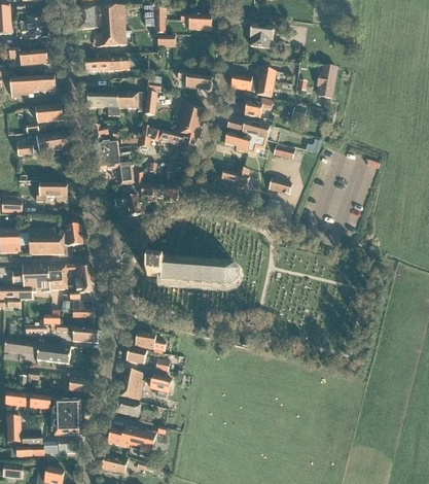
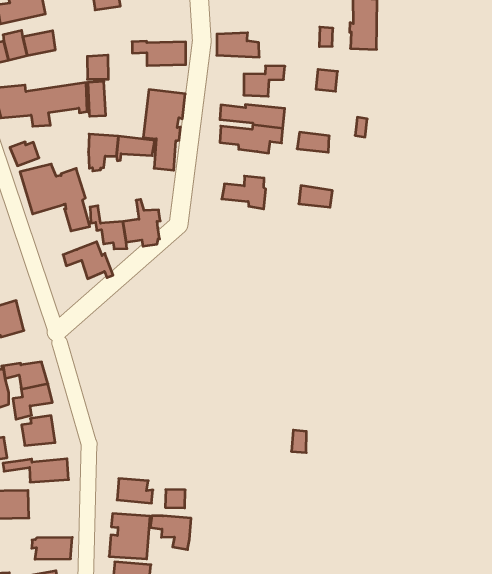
building: [256,69,276,98] -> none
building: [146,255,240,289] -> none
building: [134,332,165,351] -> none

